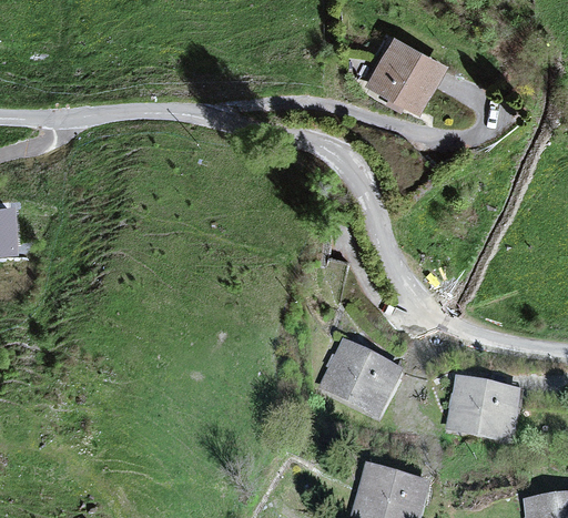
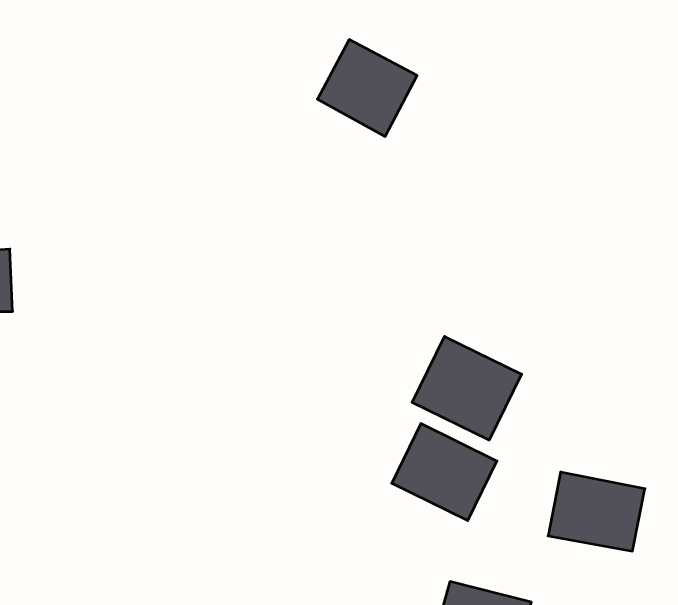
building: [363,32,443,110] -> [317,40,417,136]
building: none -> [412,336,522,440]

